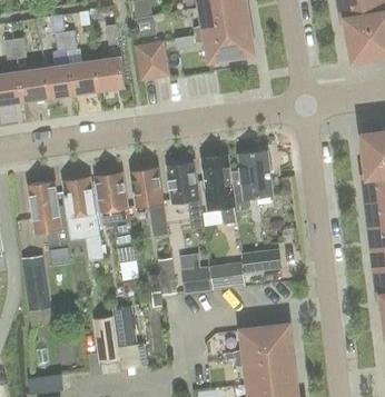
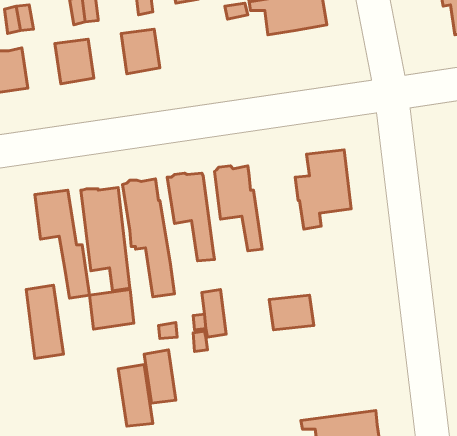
building: [136,41,169,80] -> none
building: [69,60,99,95] -> none
building: [18,68,48,102] -> none
building: [201,156,237,224] -> none
building: [241,248,282,272] -> none
building: none -> [90,289,134,329]
building: [181,267,210,292] -> none
building: [233,325,292,359] -> none

